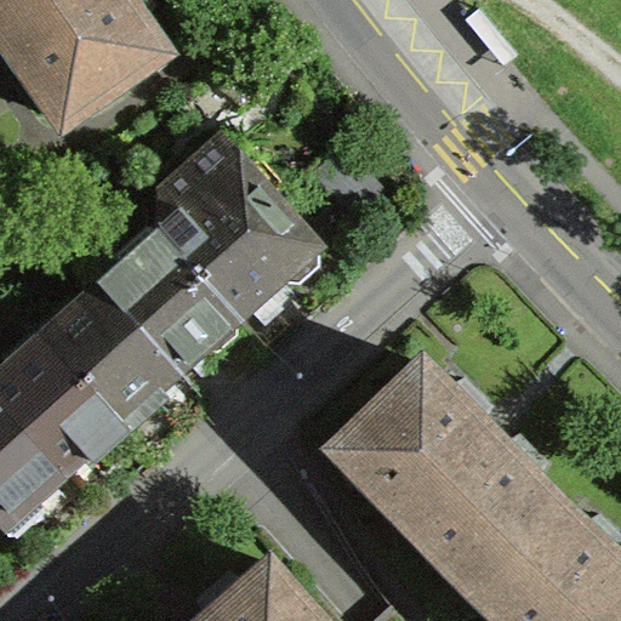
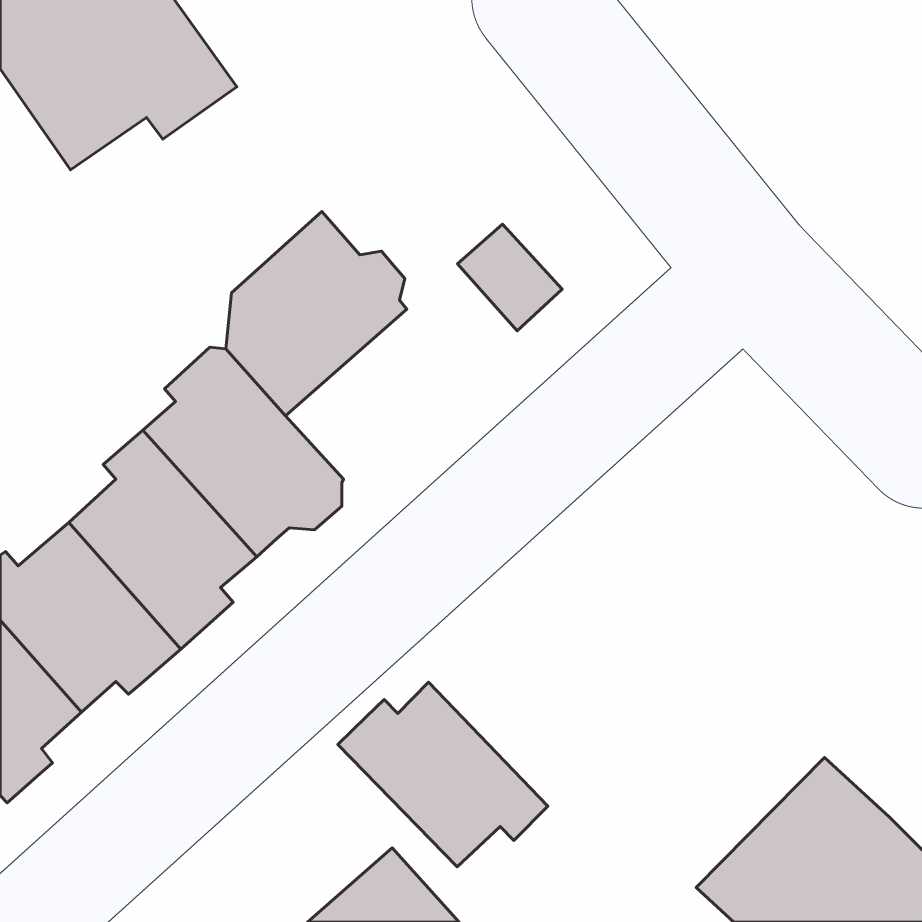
building: [193,207,314,324] -> none
building: [329,368,554,596] -> none
building: none -> [338,682,548,867]

